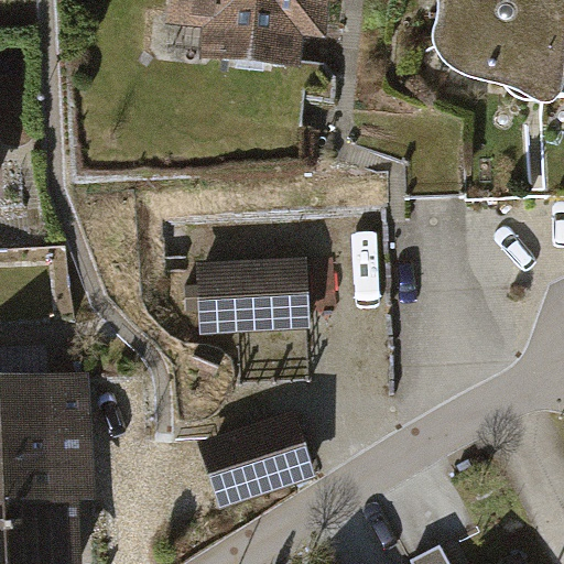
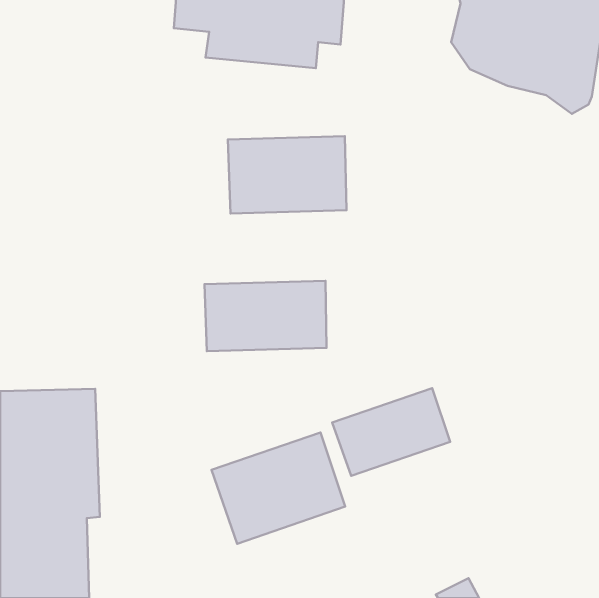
building: none -> [228,136,347,213]
building: none -> [332,388,450,476]

